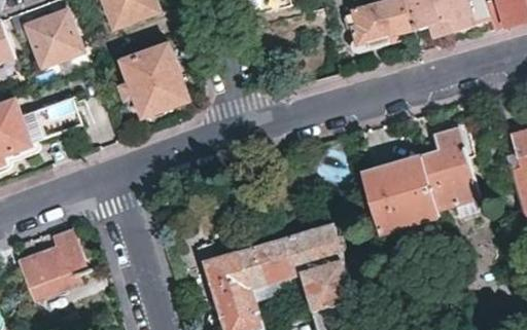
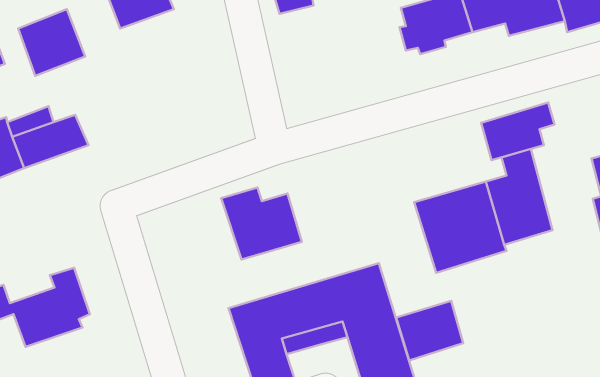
building: [116,45,189,121] -> none
building: none -> [481,102,554,160]
building: none -> [221,188,302,259]
building: none -> [396,301,463,361]

